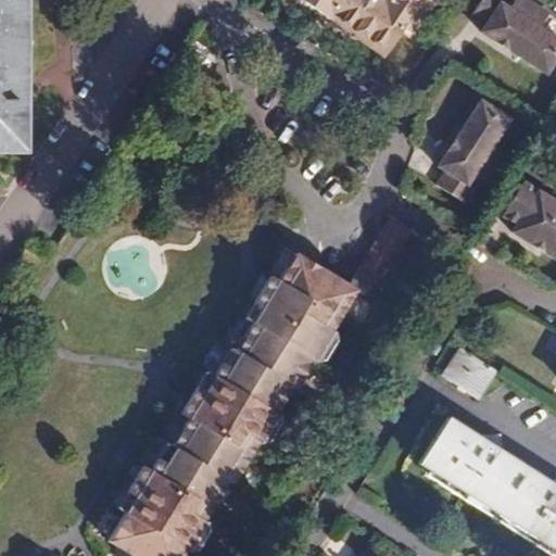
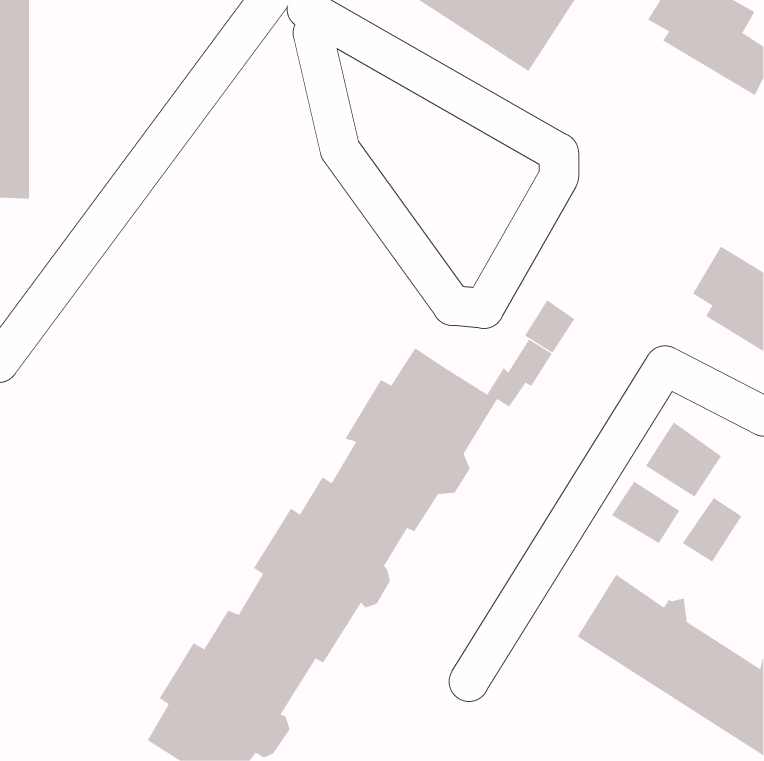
building: [435,97,509,201] -> none
building: none -> [645,422,722,498]
building: none -> [682,497,742,563]

